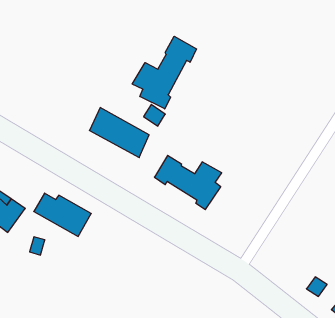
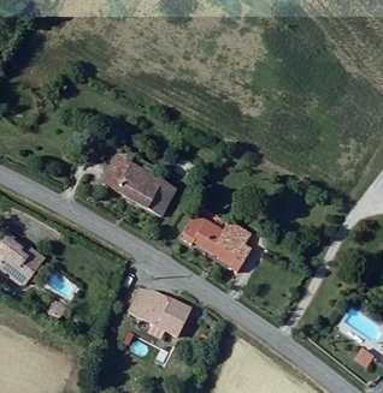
building: [132,36,197,109] -> none
building: [34,193,91,236] -> [126,293,190,341]

